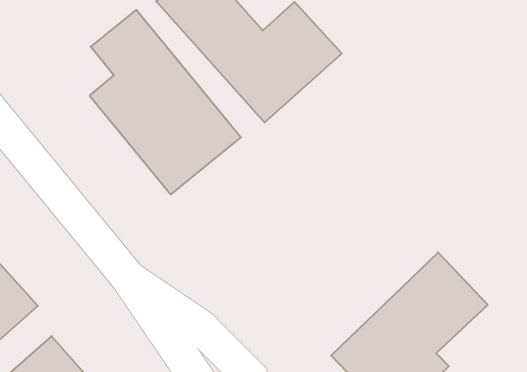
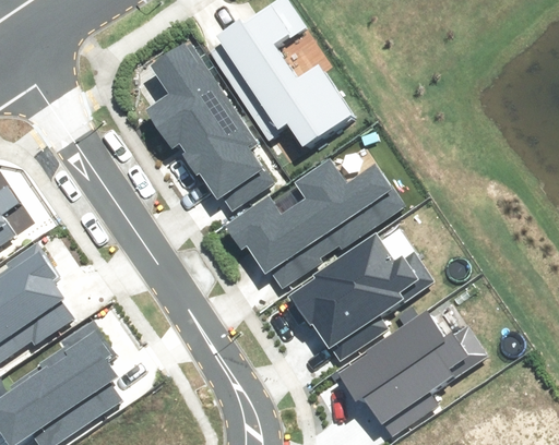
building: none -> [237,159,400,285]
building: none -> [281,233,428,354]

